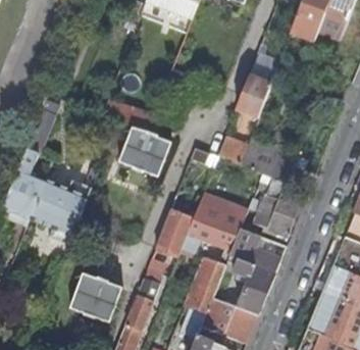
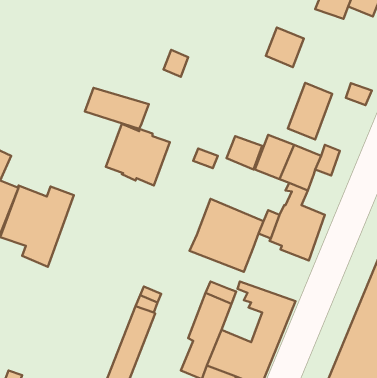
building: [237,71,273,118] -> [288,83,332,140]
building: [156,210,194,256] -> none
building: [229,230,285,274] -> none
building: [69,273,122,323] -> none

